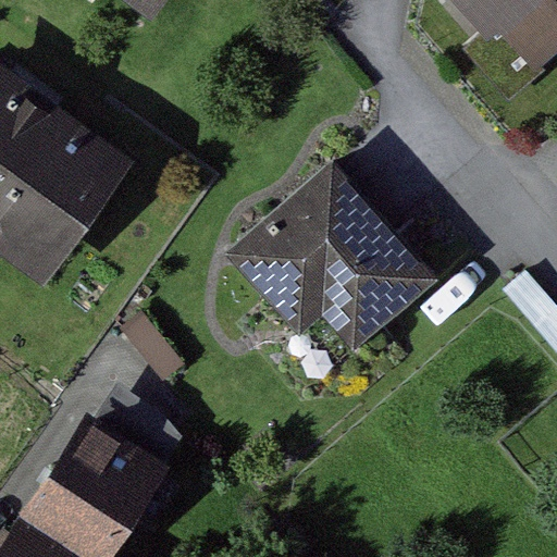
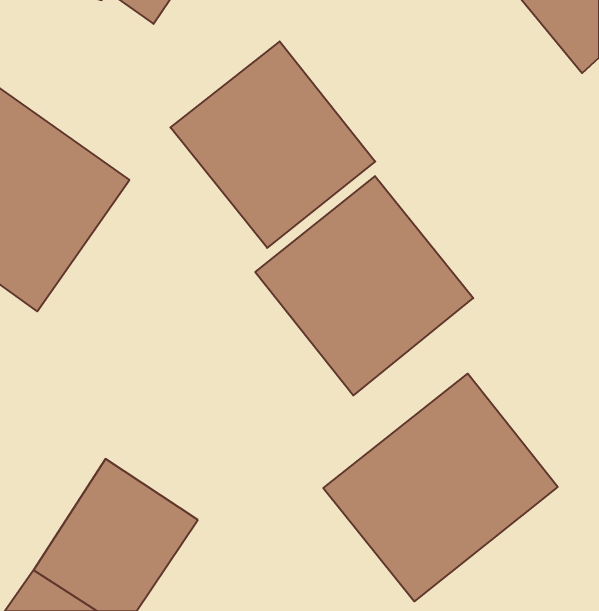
building: none -> [170,41,375,248]
building: none -> [323,374,558,601]

